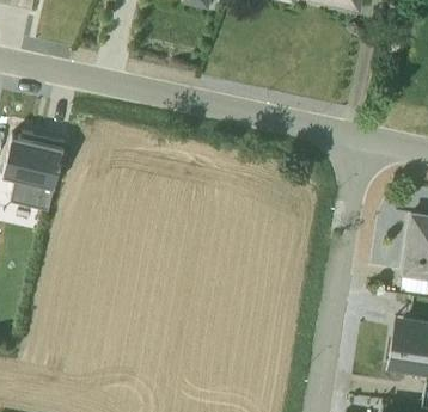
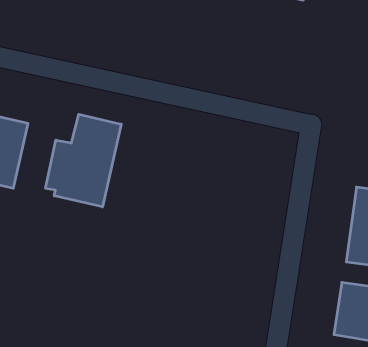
building: none -> [46,114,121,207]

